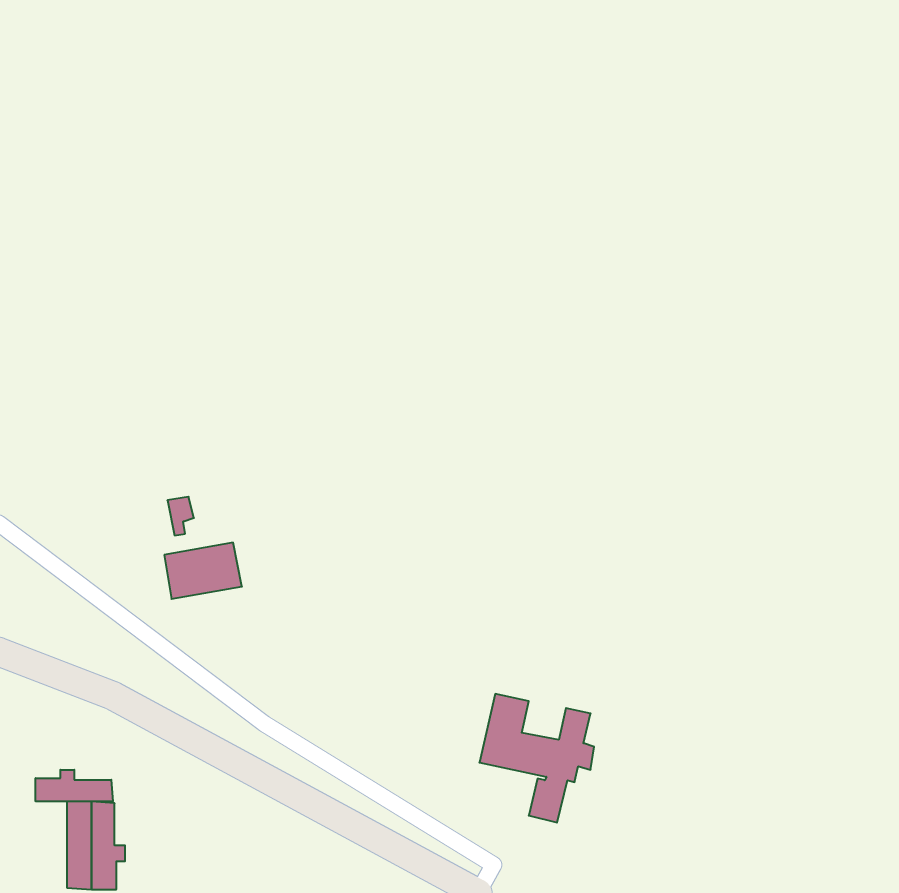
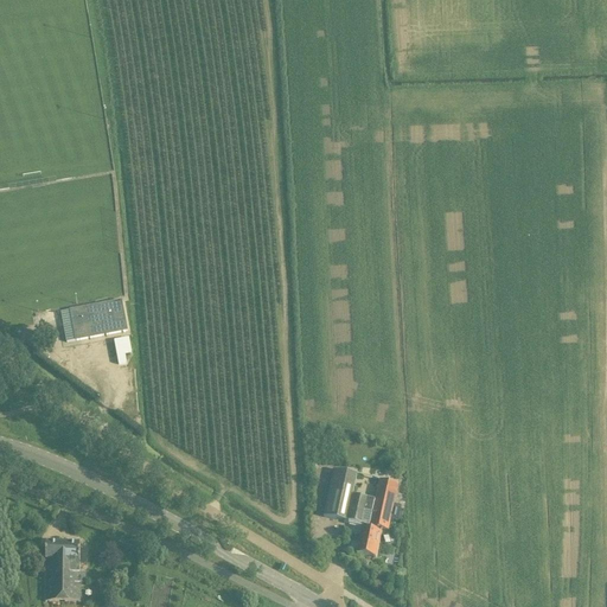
building: [164,543,242,599] -> [72,298,124,336]
building: [36,770,113,801] -> none

